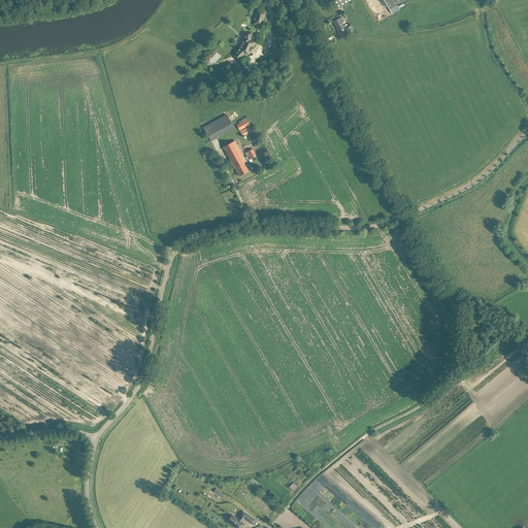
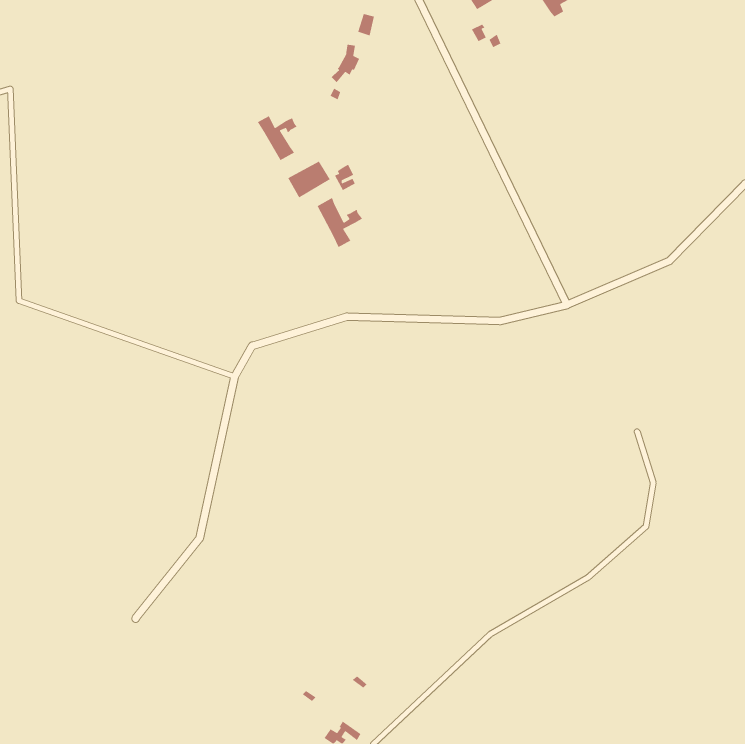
building: none -> [257,115,298,161]

